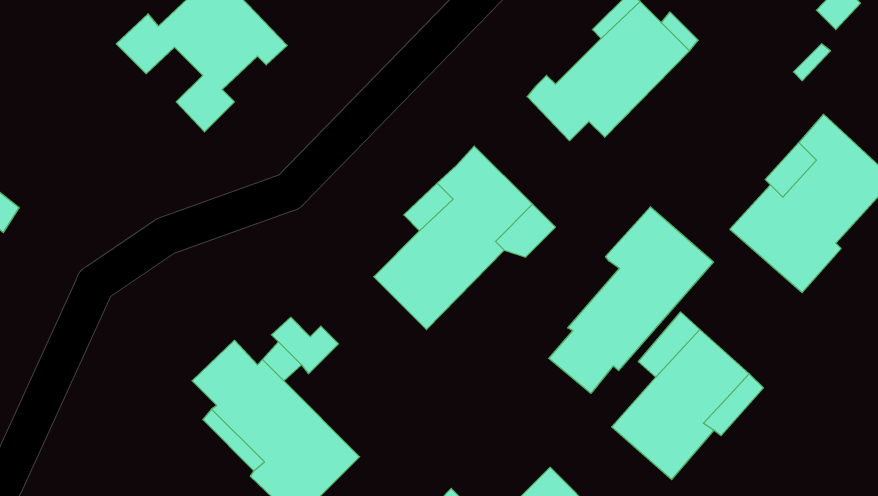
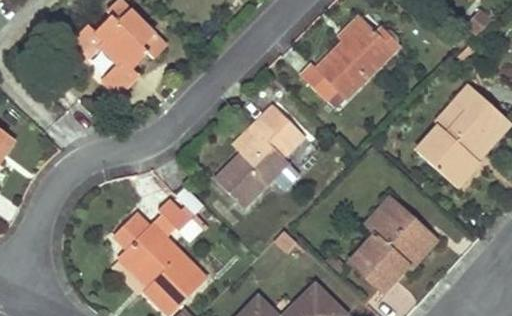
building: [549,207,713,393] -> none

